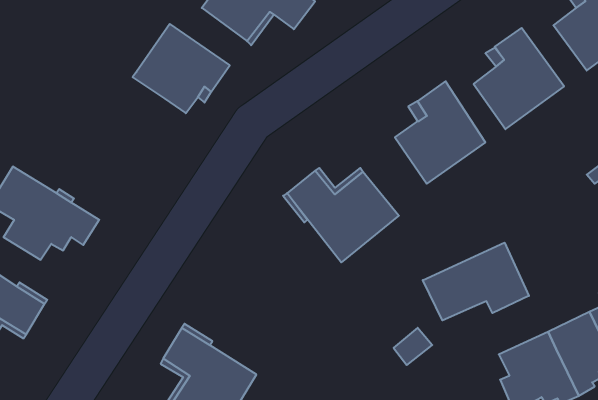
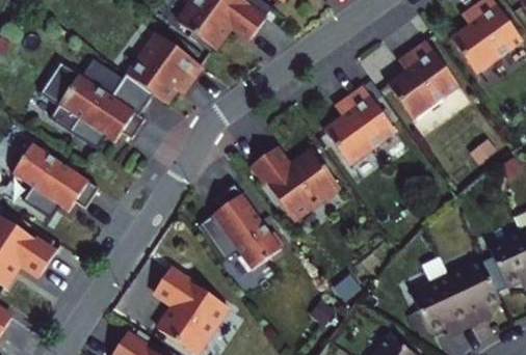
building: none -> [36,60,151,147]
building: none -> [198,186,280,270]
building: [423,243,529,320] -> none

